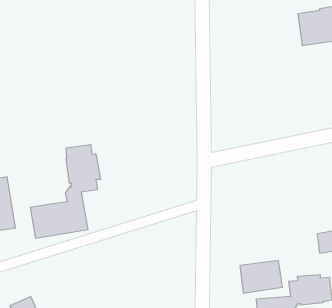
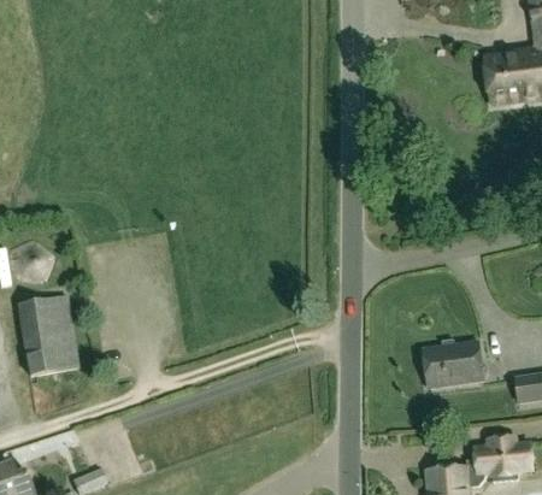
building: [31,144,100,238] -> none
building: [240,261,283,293] -> [424,342,485,389]

